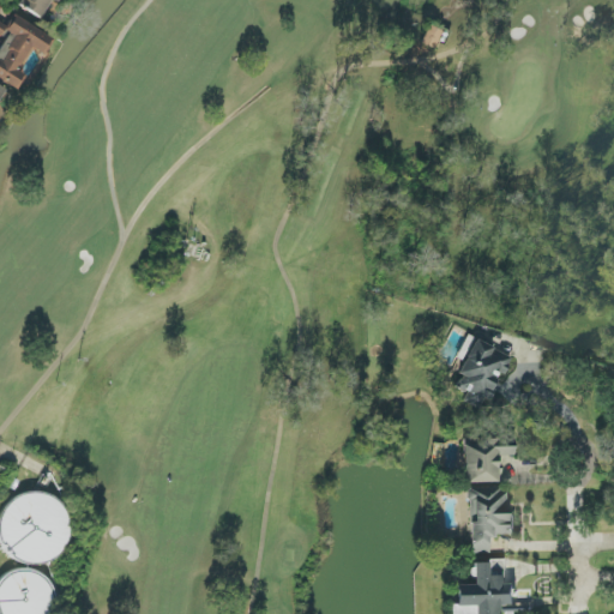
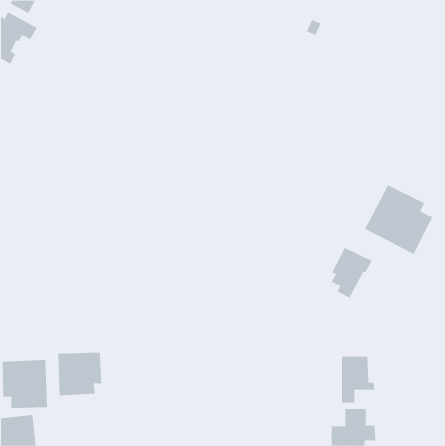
building: none -> [364,184,433,255]
building: [463,440,514,483] -> none
building: none -> [58,352,102,396]

